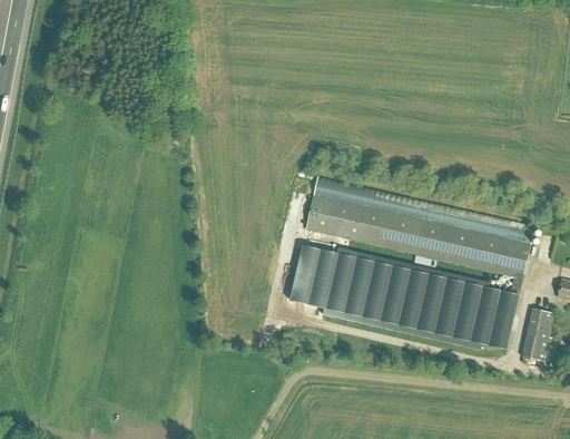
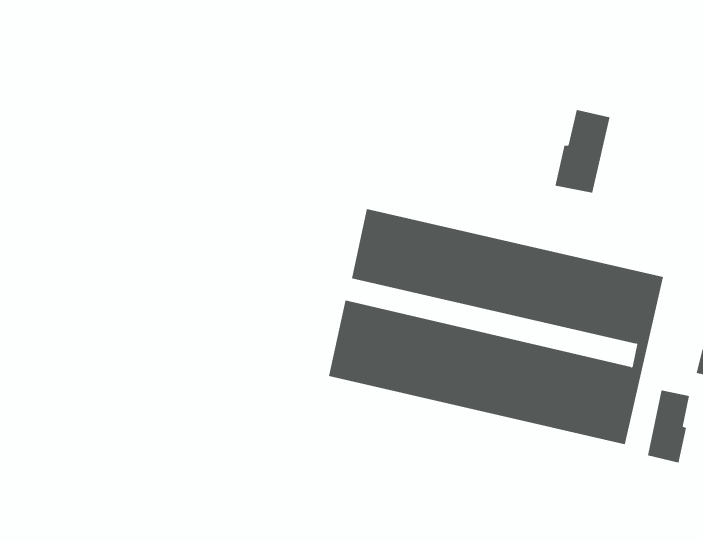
building: none -> [555,109,610,194]

